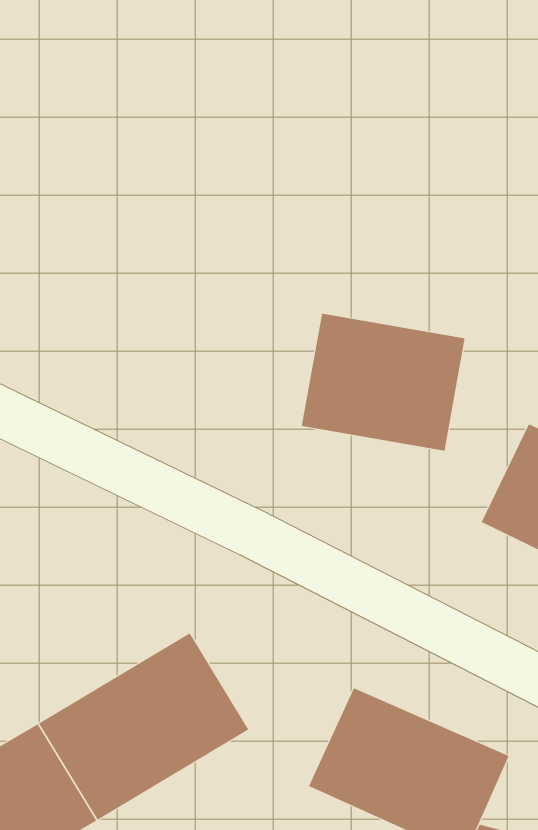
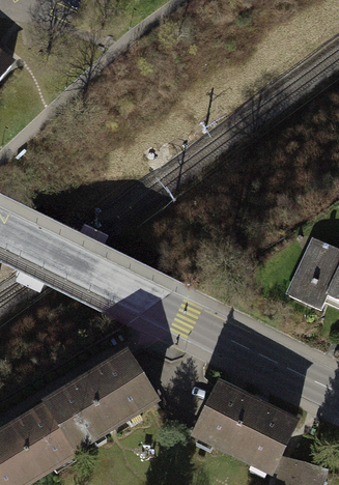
building: [301,313,465,452] -> none

